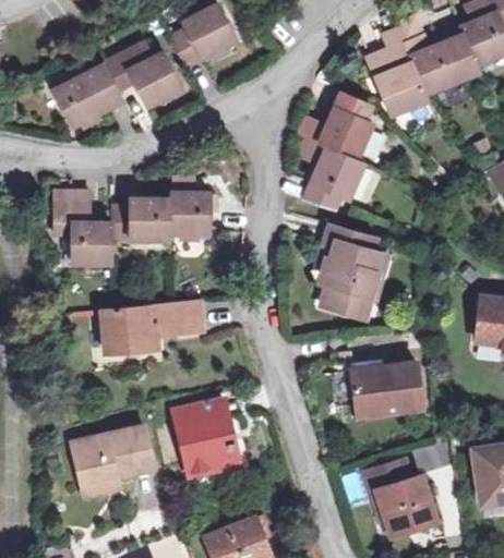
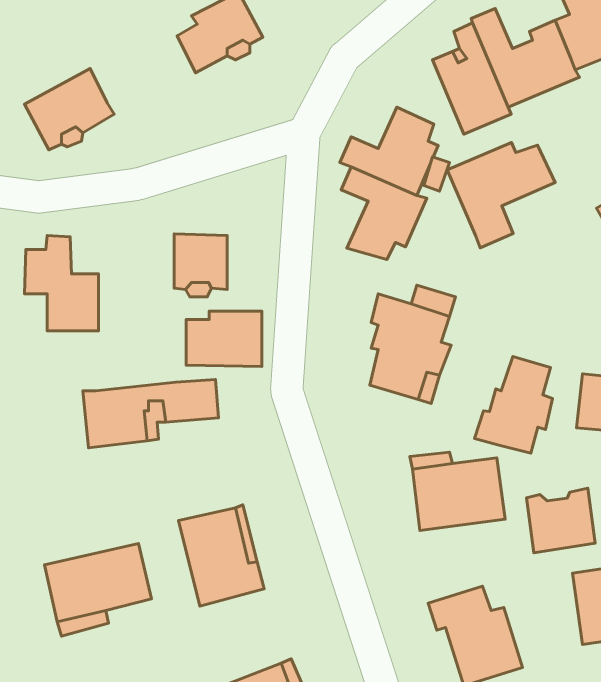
building: [106,44,183,107] -> none
building: none -> [447,142,555,248]
building: [112,198,170,241] -> [186,311,262,367]
building: none -> [474,356,553,453]
building: none -> [527,488,595,553]

